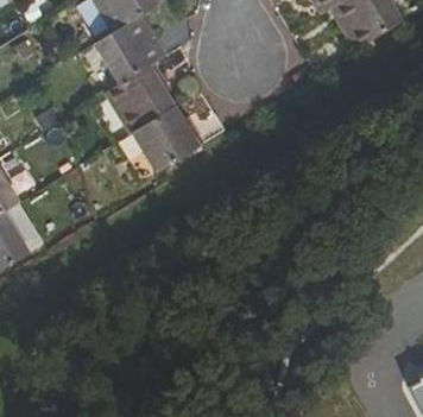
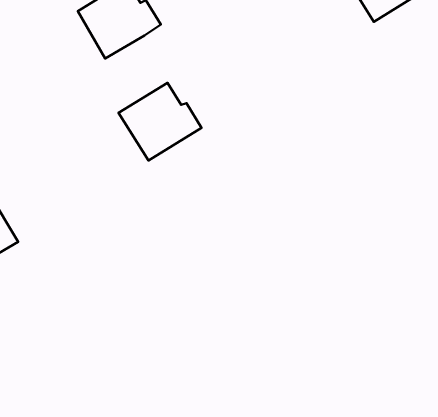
building: [107,63,173,131] -> none

